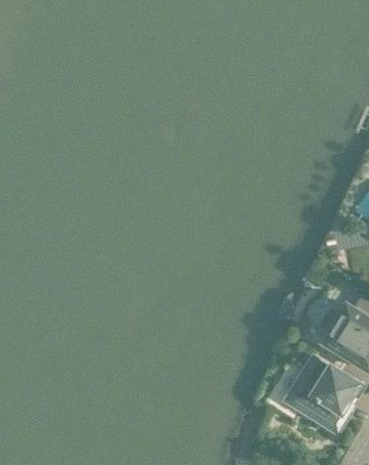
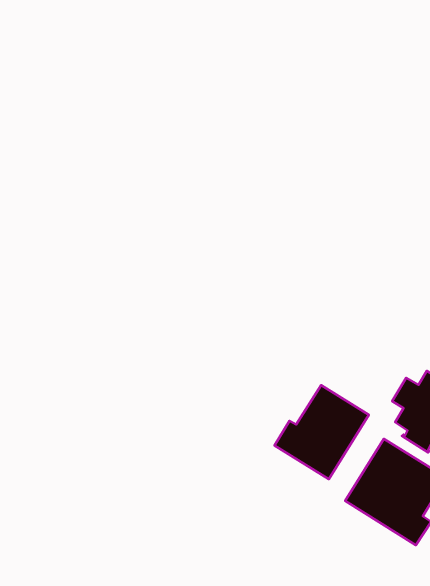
building: none -> [275,385,369,479]

